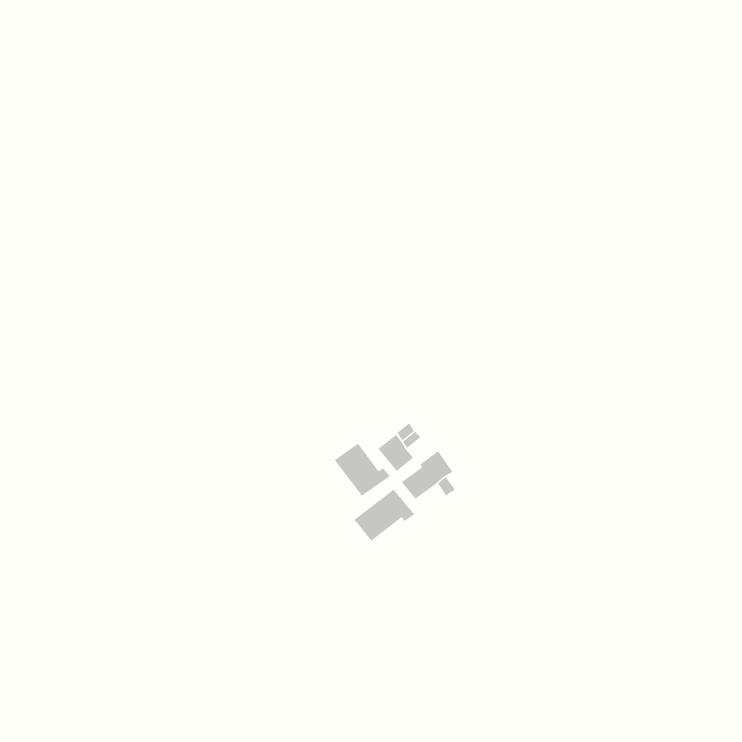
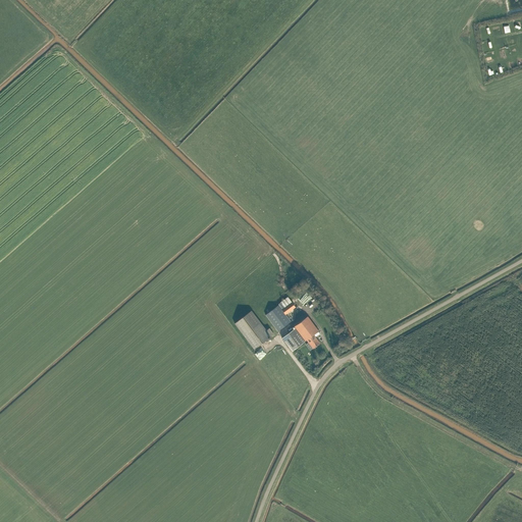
building: [353,489,415,541] -> none

